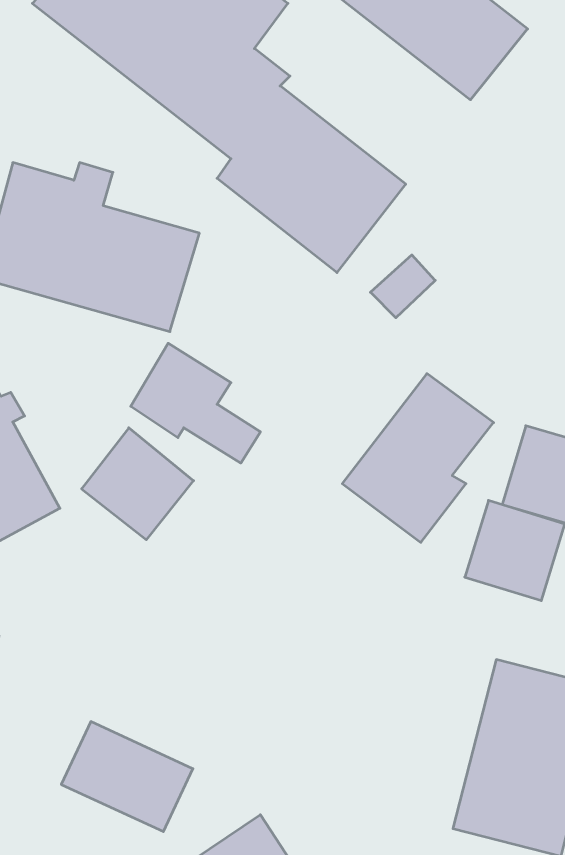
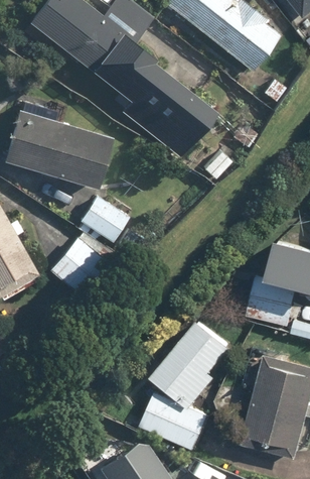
building: [342,374,494,542] -> [152,319,229,405]
building: [61,722,193,832] -> [141,393,208,450]

